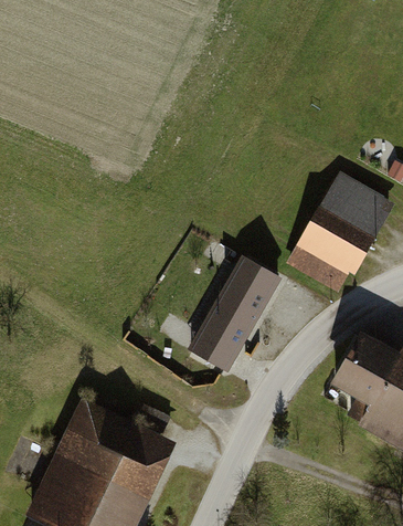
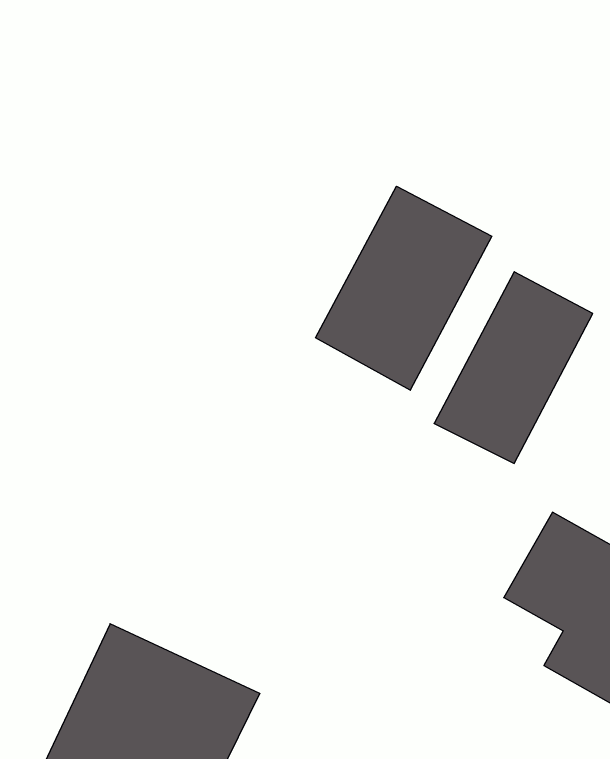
building: none -> [316,186,492,390]
building: [188,257,280,375] -> none

